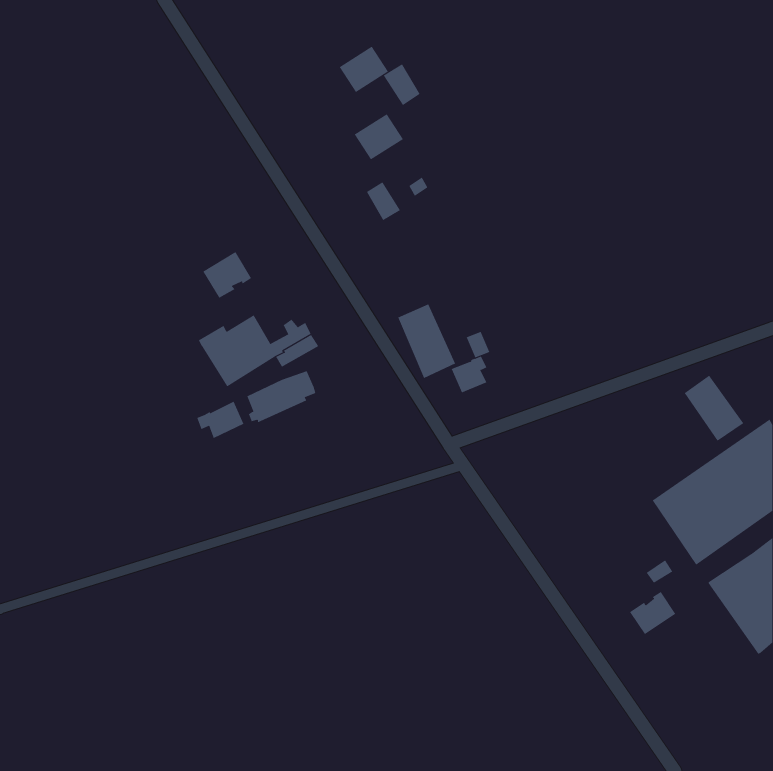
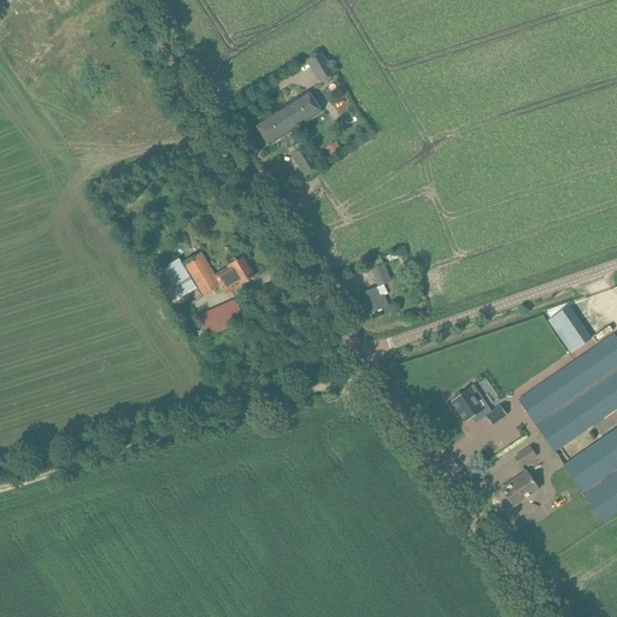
building: [339,46,389,93] -> [255,107,295,145]
building: [202,251,252,299] -> none
building: [398,304,456,379] -> none
building: [197,401,244,439] -> none
building: none -> [451,386,506,424]

